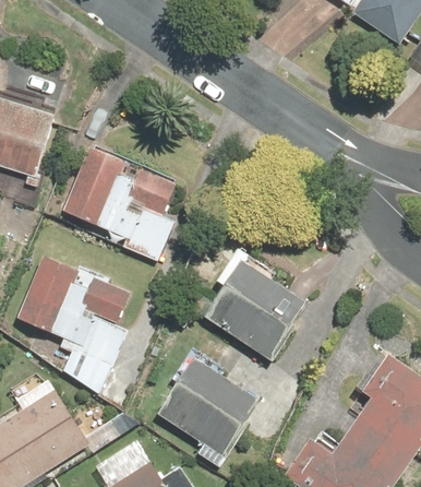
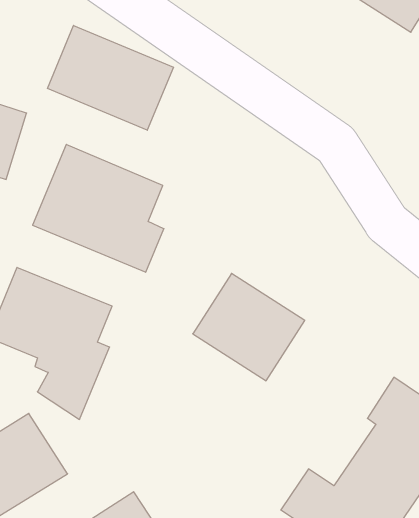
building: none -> [47,25,174,130]
building: [157,360,256,455] -> none

